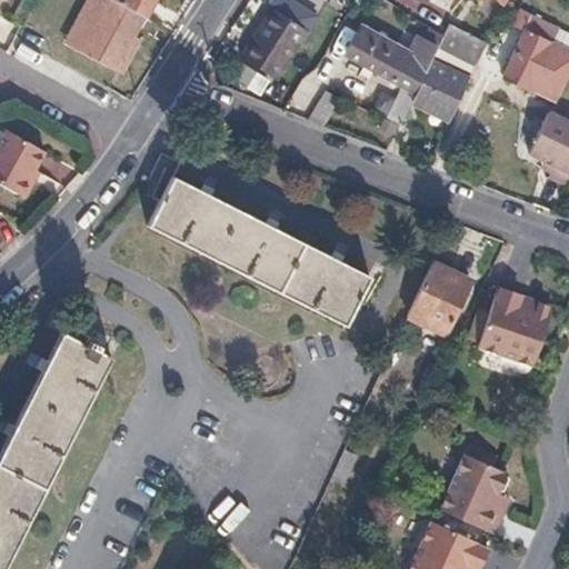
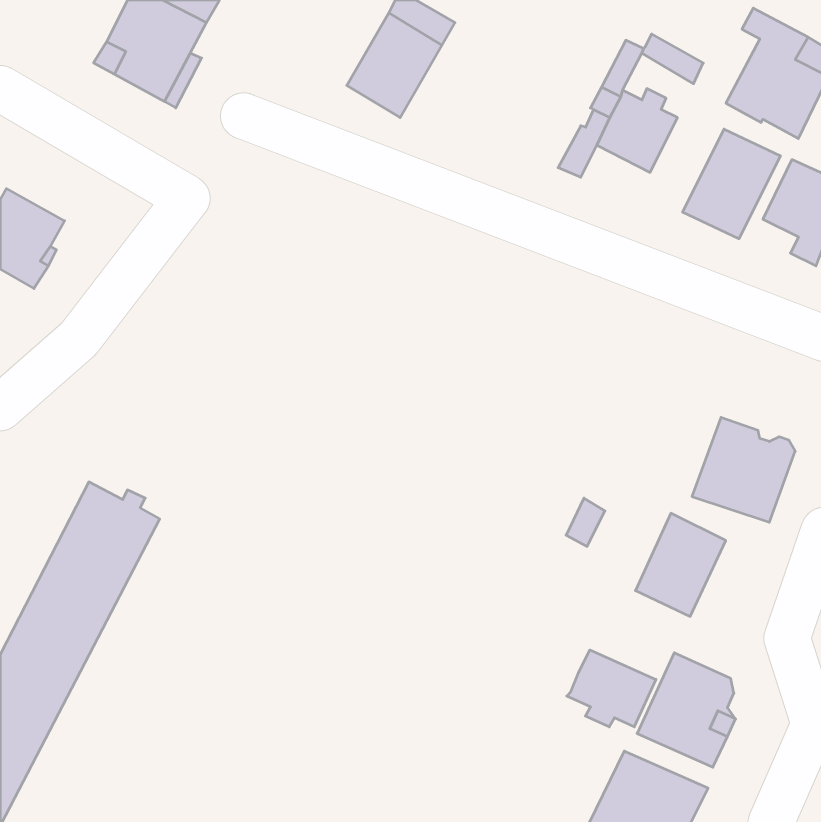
building: [347,24,411,79] -> none
building: none -> [683,129,780,239]
building: [148,177,370,328] -> none
building: [408,262,470,333] -> [635,513,726,616]
building: none -> [567,650,656,727]

